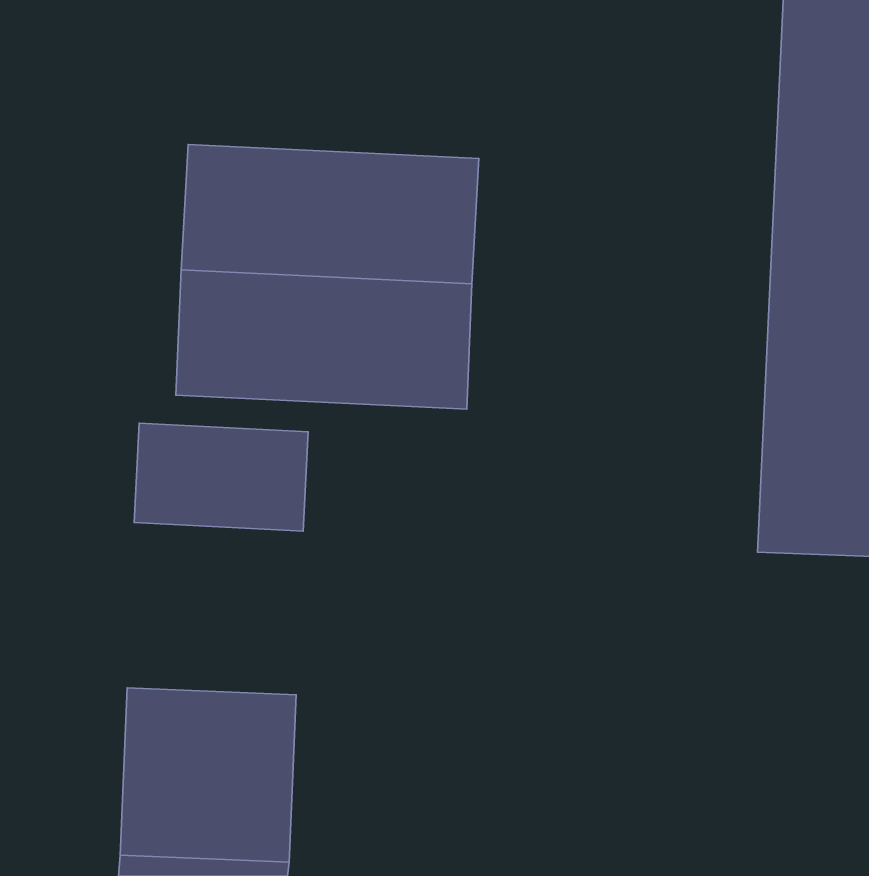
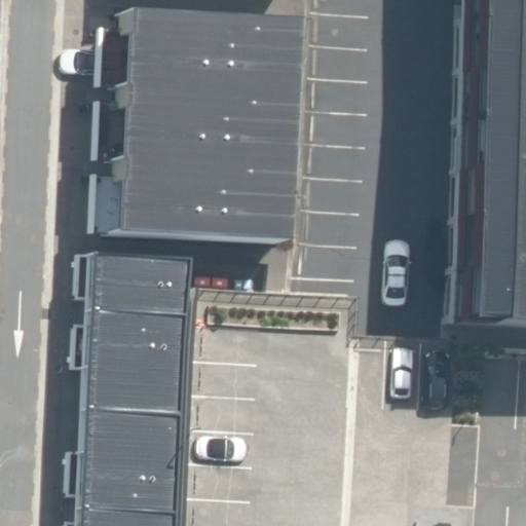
building: none -> [123,11,298,93]
building: none -> [87,308,191,410]

